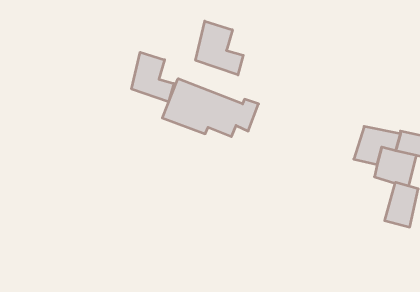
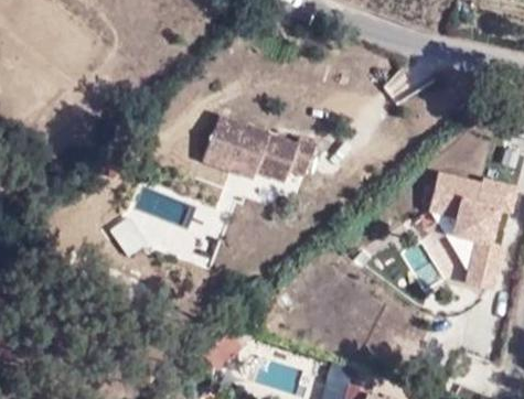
building: [196,21,243,75] -> none
building: [132,52,174,102] -> none

